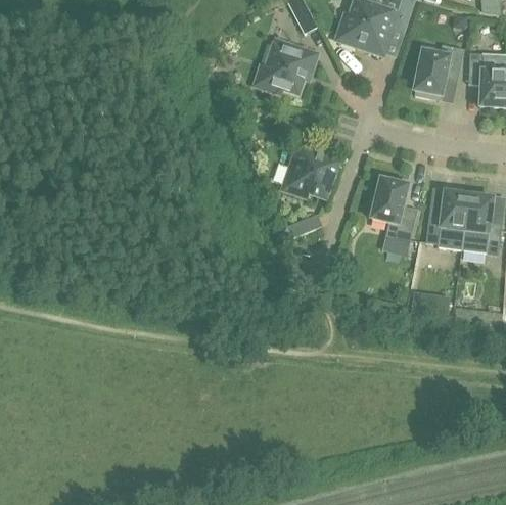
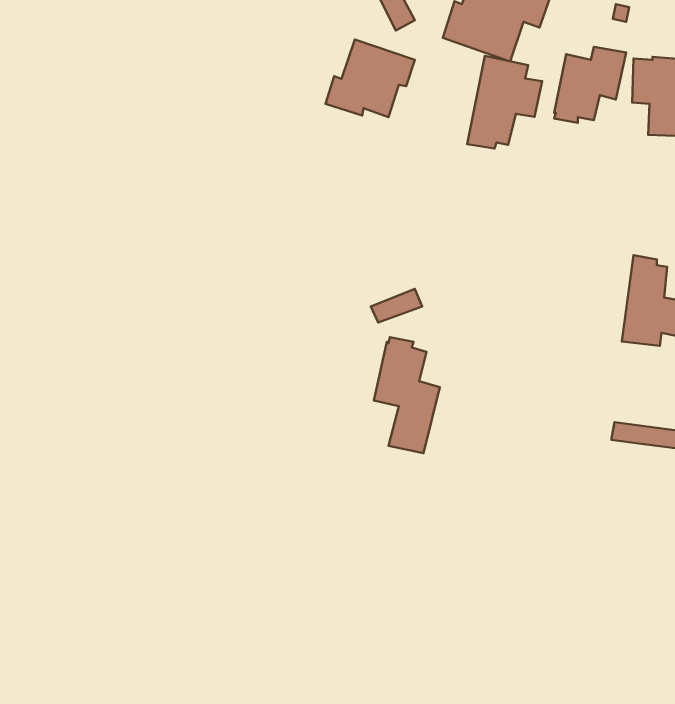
building: none -> [467,56,542,148]
building: [281,142,337,198] -> none
building: [370,175,416,256] -> [374,337,440,453]
building: [424,188,468,250] -> none

